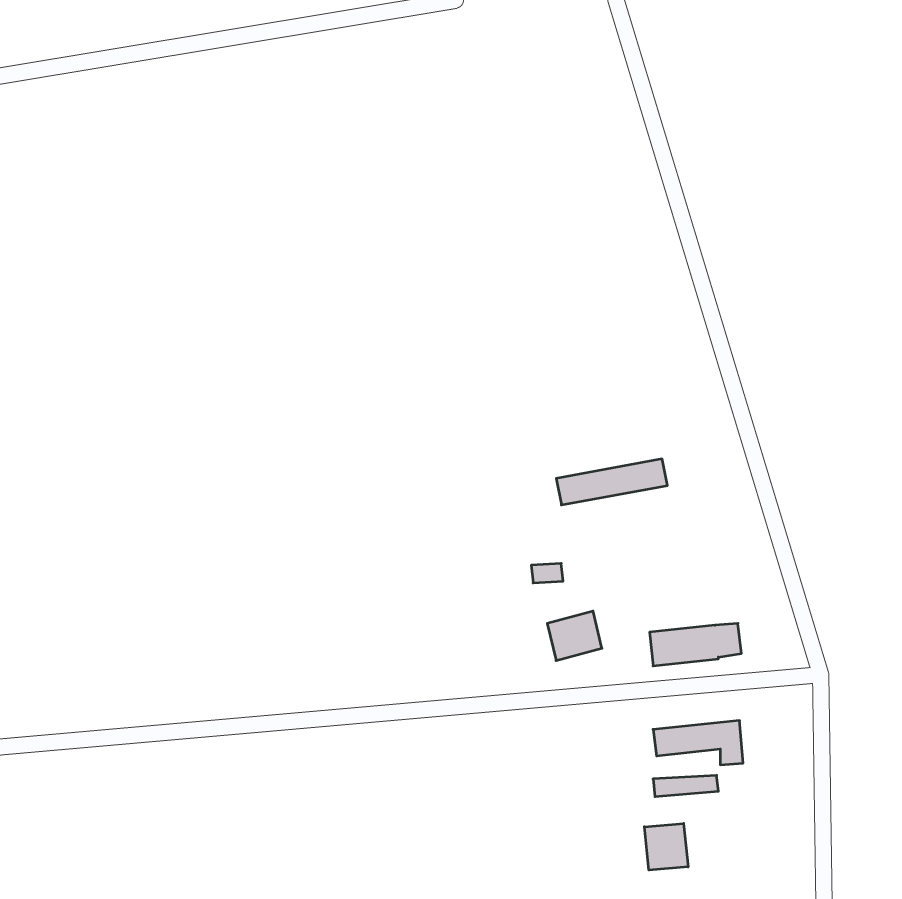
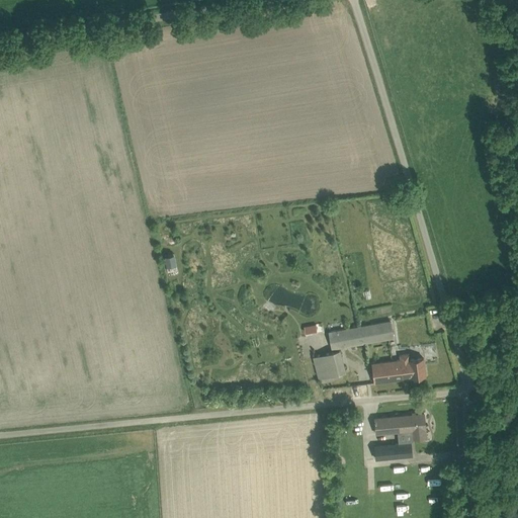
building: [556,459,667,505] -> [330,323,394,349]
building: [644,823,688,870] -> none

